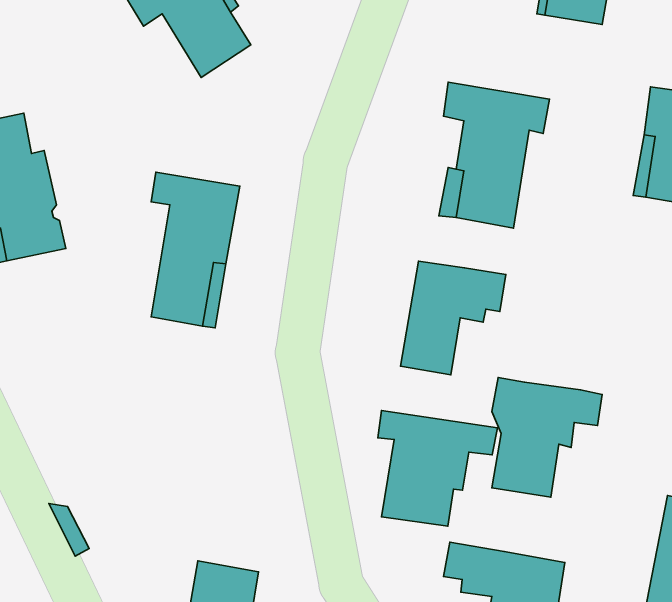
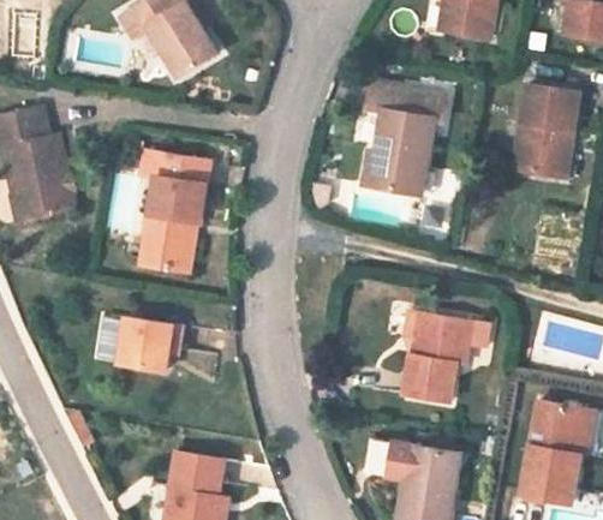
building: [401,261,506,375] -> none
building: none -> [97,316,181,371]
building: [378,410,498,526] -> none

